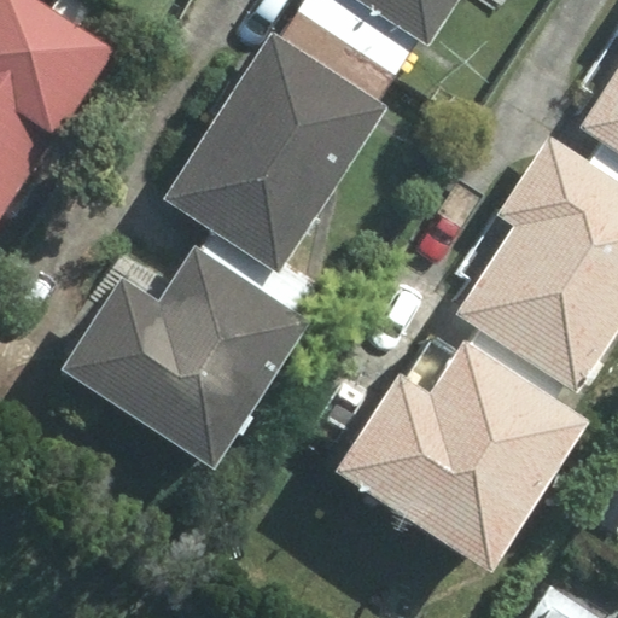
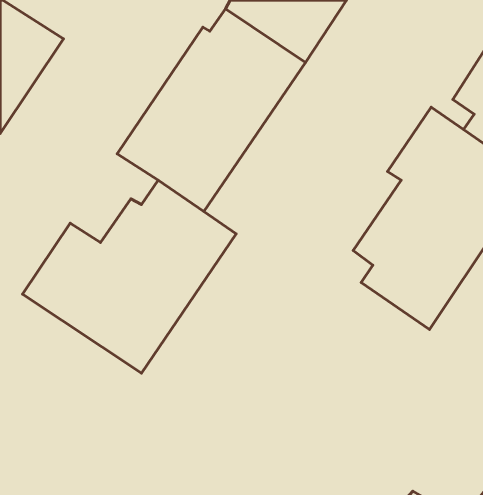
building: [322,342,566,570] -> none

